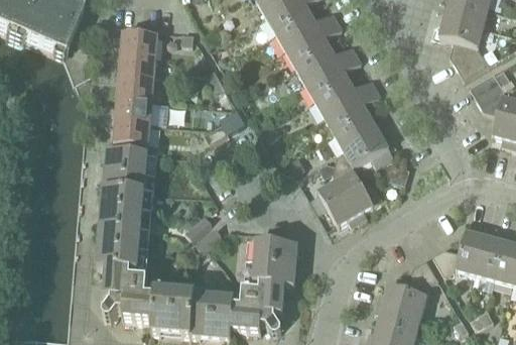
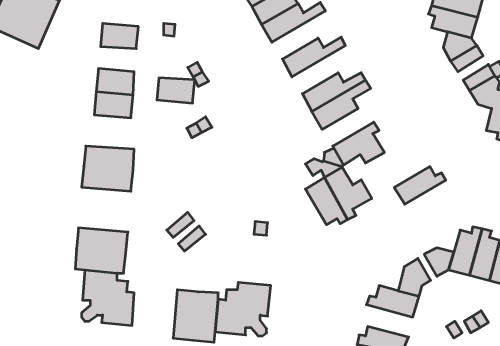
building: [286,18,342,65] -> none
building: [305,51,362,98] -> none
building: [120,52,156,77] -> [157,78,195,103]
building: [335,112,384,148] -> [394,167,446,204]
building: [114,118,151,143] -> none
building: [101,188,151,231] -> none
building: [248,238,298,283] -> none
building: [151,283,196,333] -> none
building: [375,301,421,332] -> none

